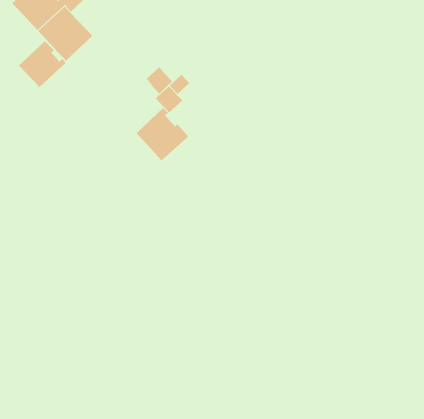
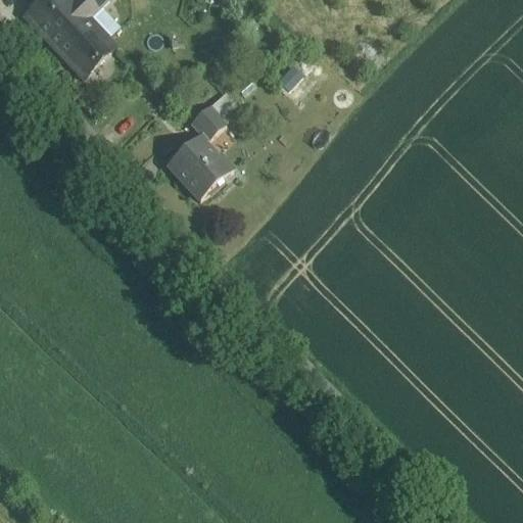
building: [18,40,67,88] -> none
building: [146,66,173,94] -> none

